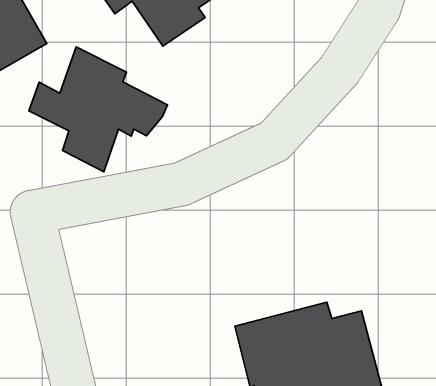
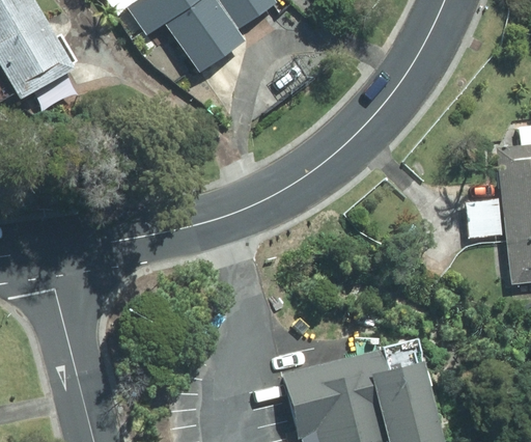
building: [29,47,167,172] -> none

